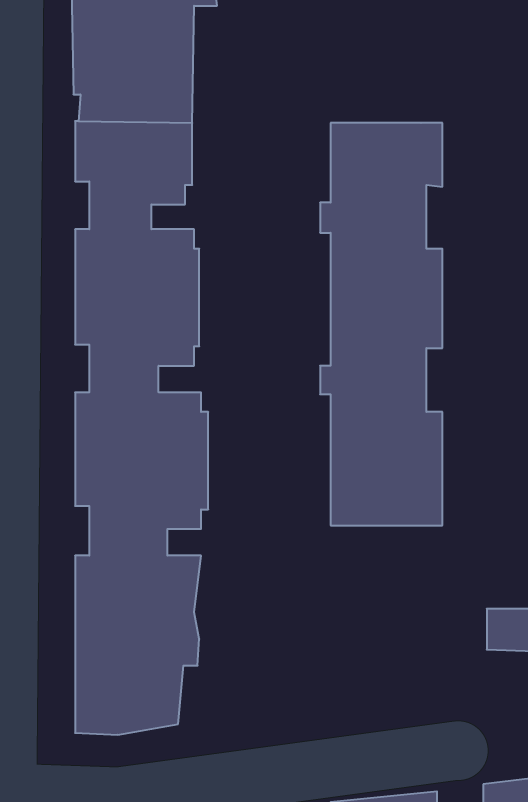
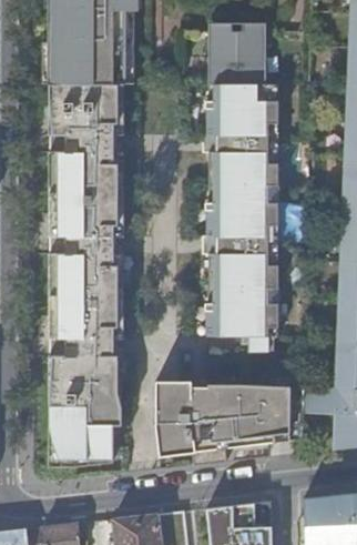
building: none -> [207,31,264,83]
building: none -> [157,382,305,465]

